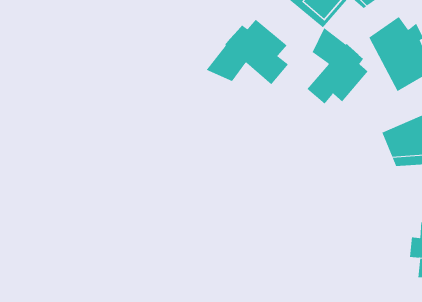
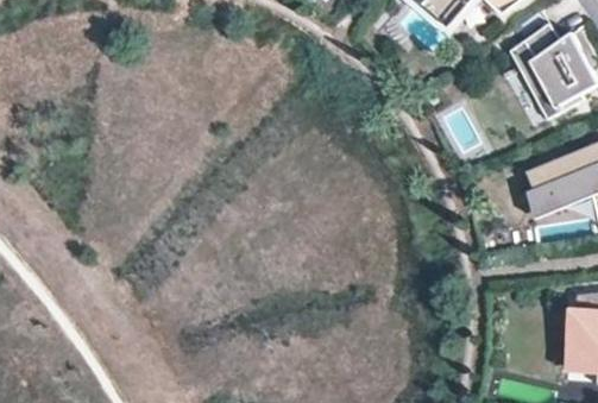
building: [206,19,289,85] -> none
building: [306,27,368,105] -> none

